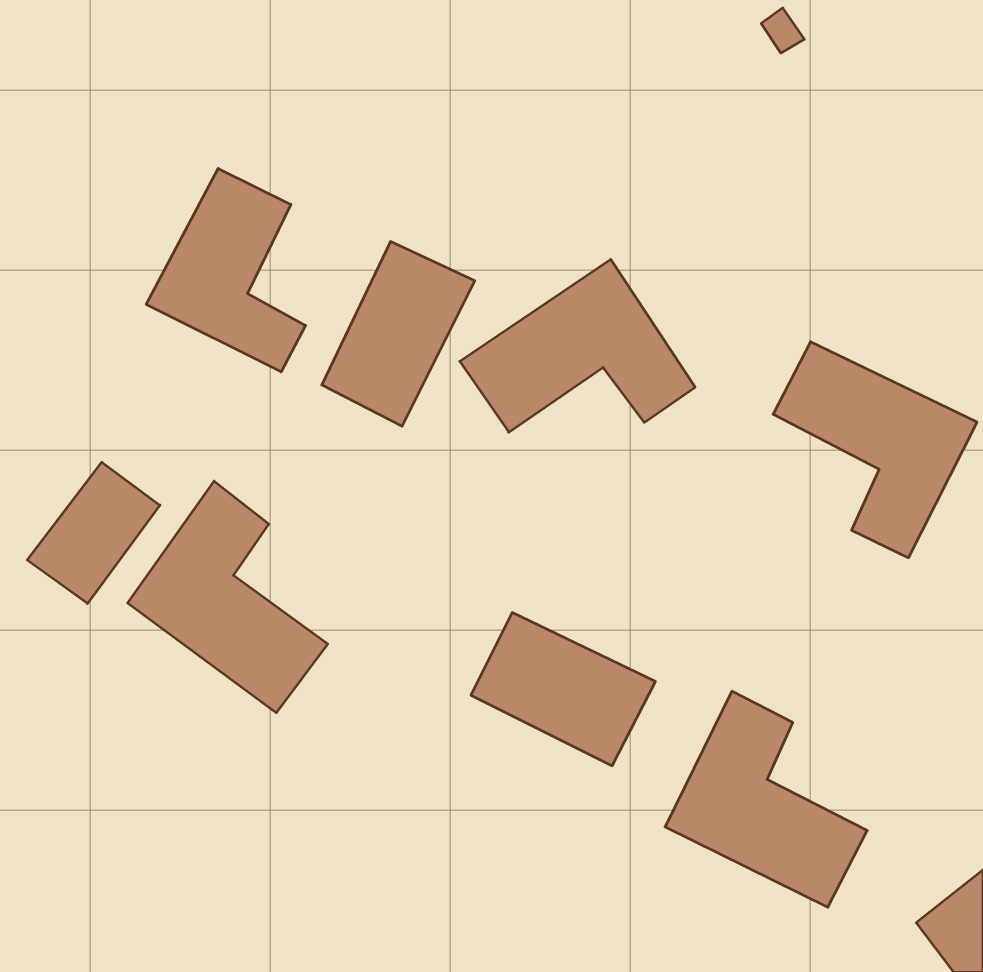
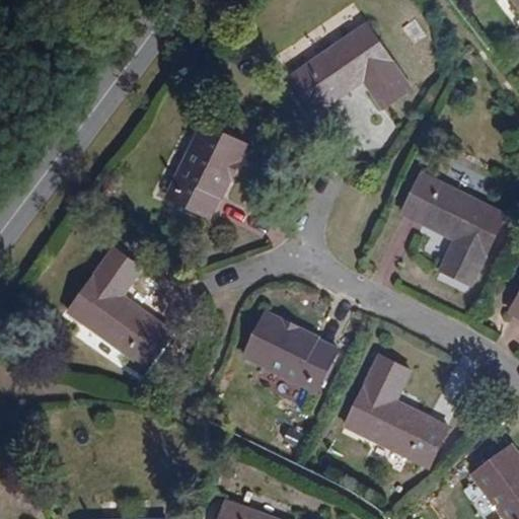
building: [146,168,306,372] -> none
building: [460,259,695,432] -> [290,27,412,117]
building: [27,462,160,604] -> none

